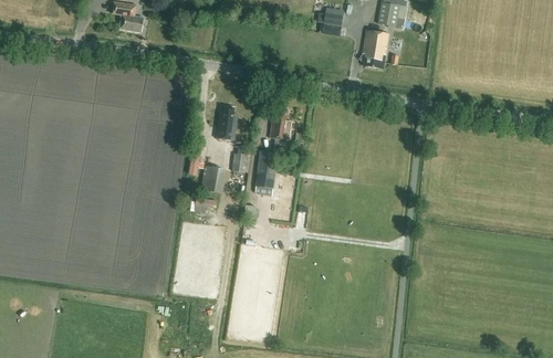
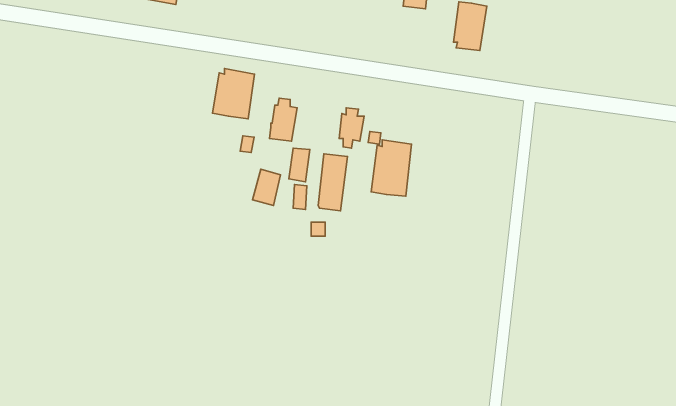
building: none -> [213,69,255,119]
building: none -> [371,140,412,196]

